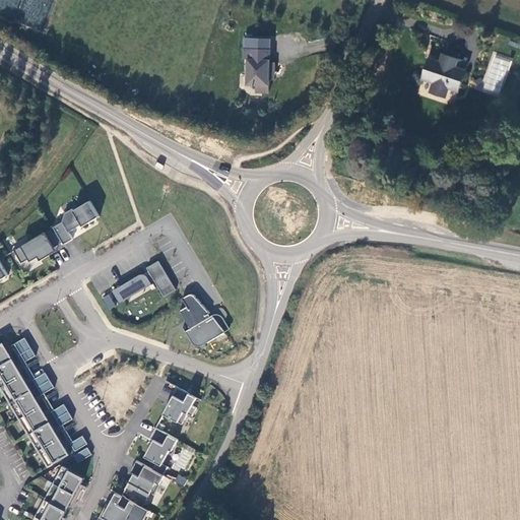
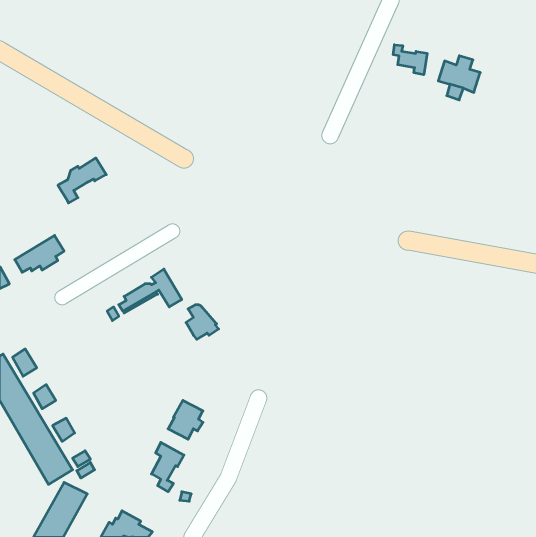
building: [243,39,274,92] -> none
building: none -> [393,45,427,75]
building: [479,52,510,95] -> none
building: [53,201,100,245] -> [58,158,106,203]
building: [185,318,224,345] -> none
building: [125,460,164,501] -> none

